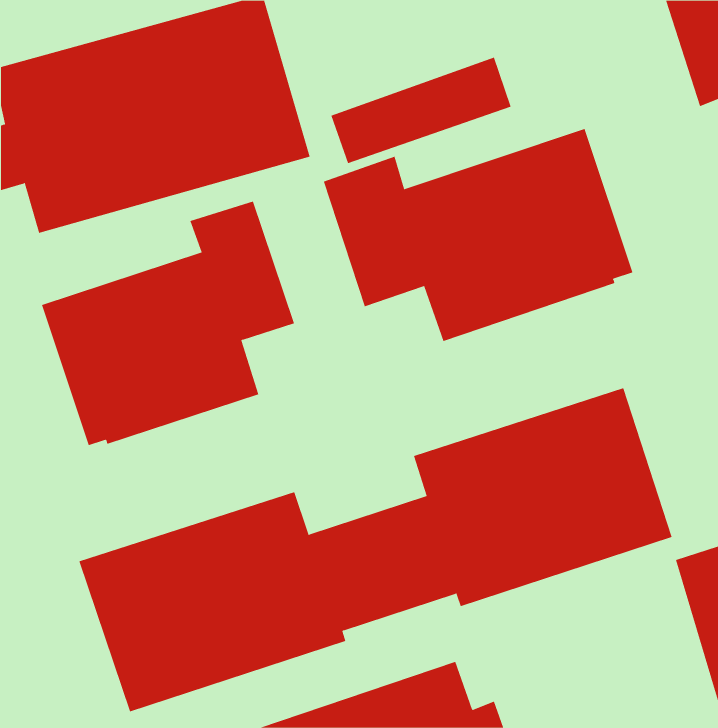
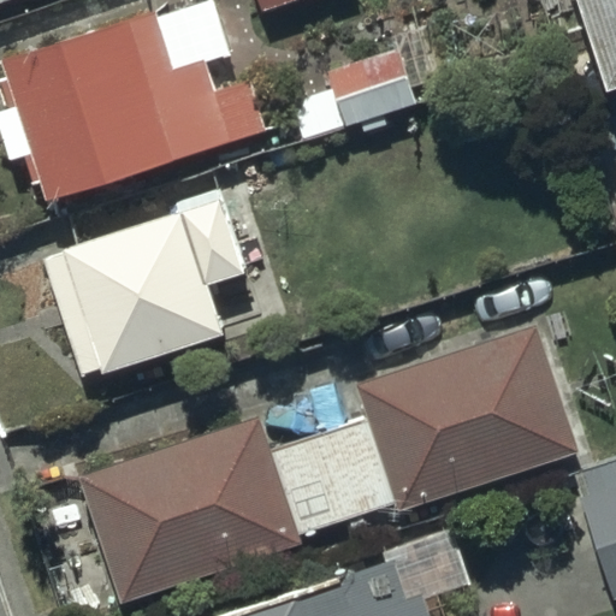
building: [323,128,633,342] -> none

